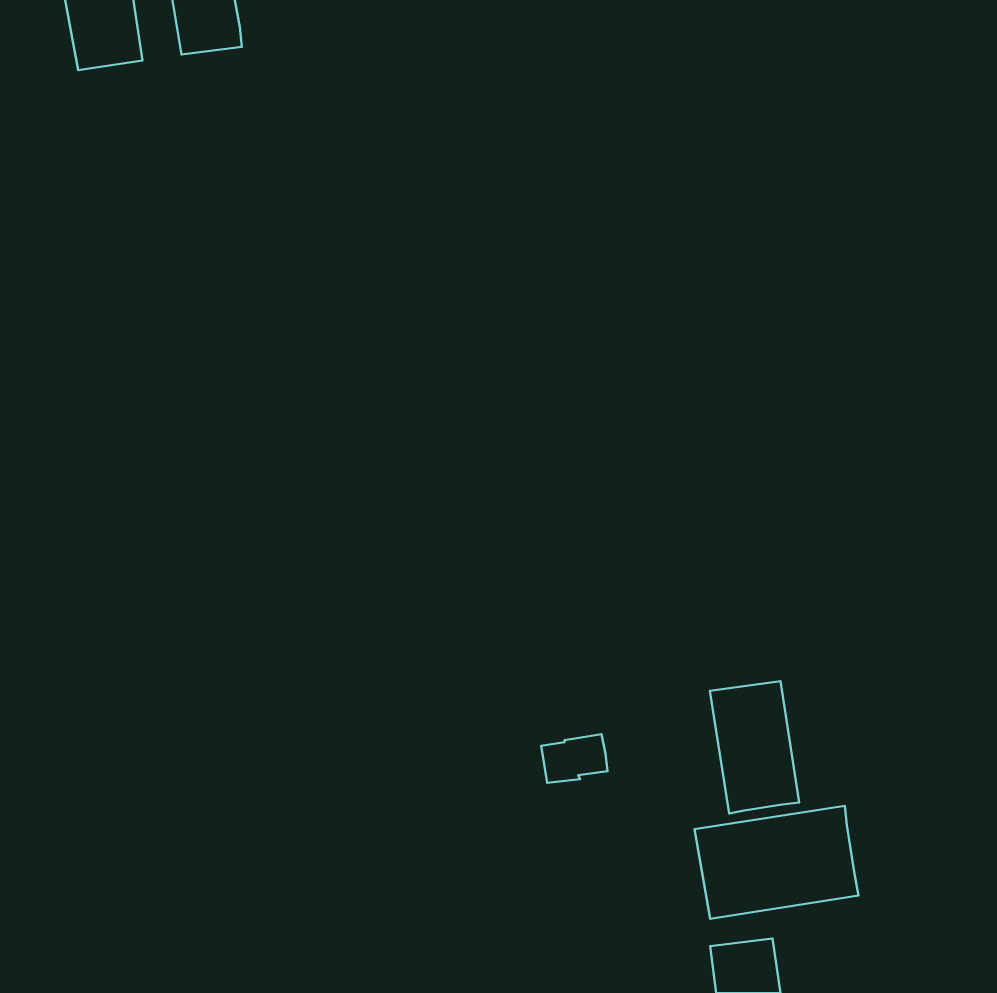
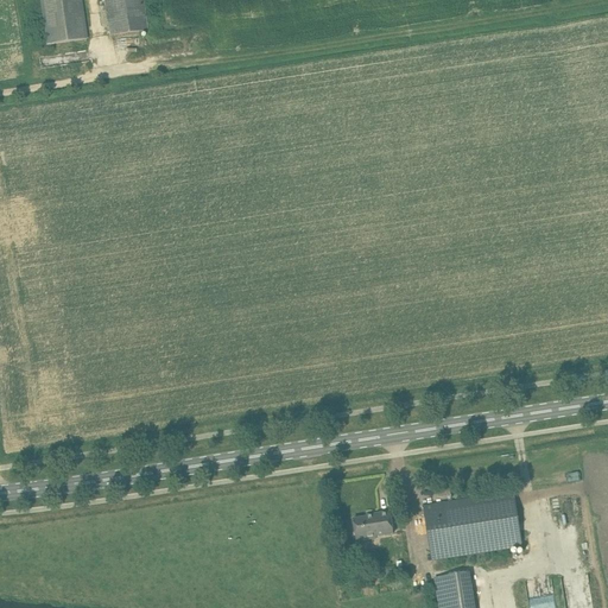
building: [710,681,799,814] -> none
building: [541,734,608,783] -> [353,509,393,539]

